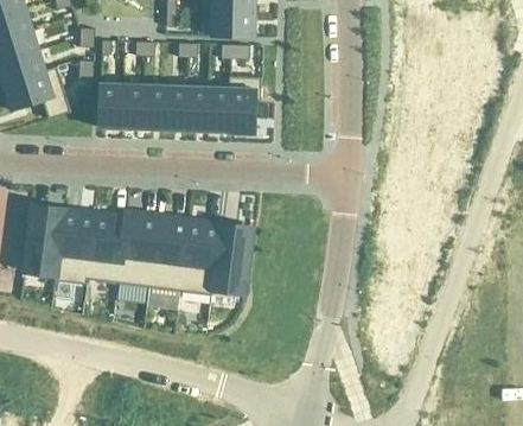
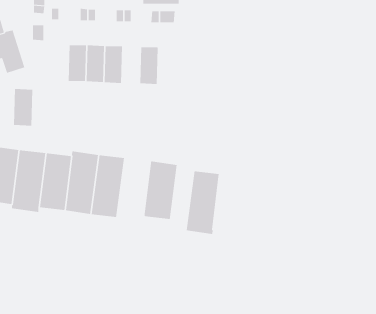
building: [228,75,261,132] -> none
building: [98,82,122,127] -> [13,89,33,126]
building: [185,84,208,129] -> none
building: [179,218,219,294] -> [186,171,220,234]

